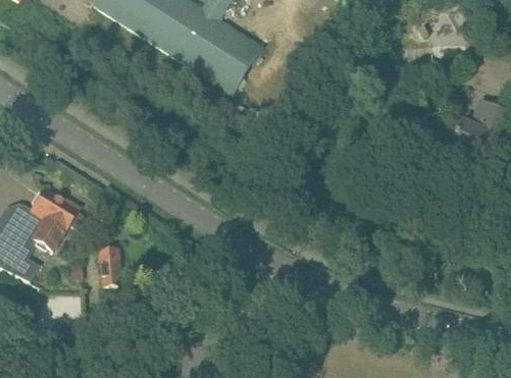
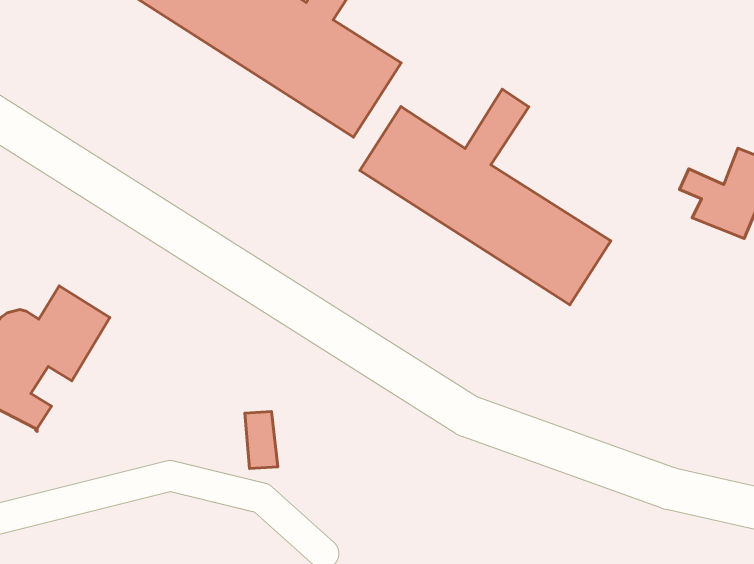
building: none -> [360,89,611,305]
building: [100,248,121,284] -> [245,412,278,469]

